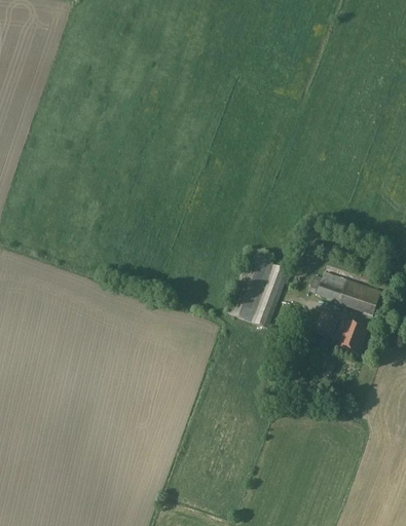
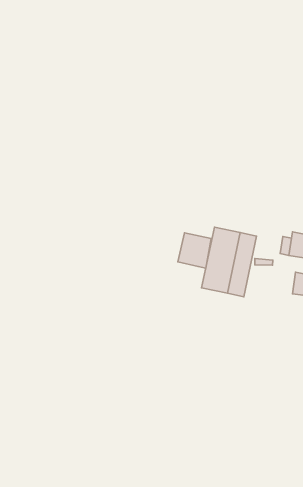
building: none -> [178,233,211,268]

